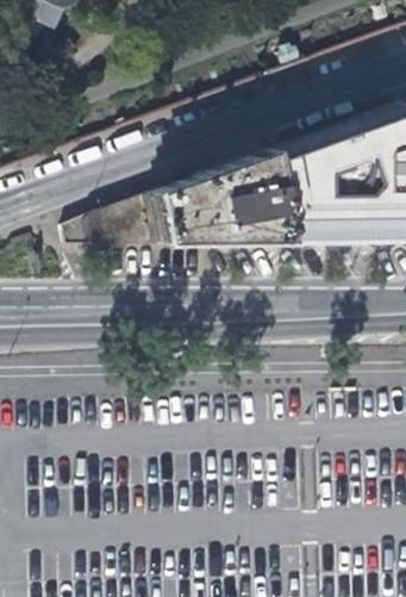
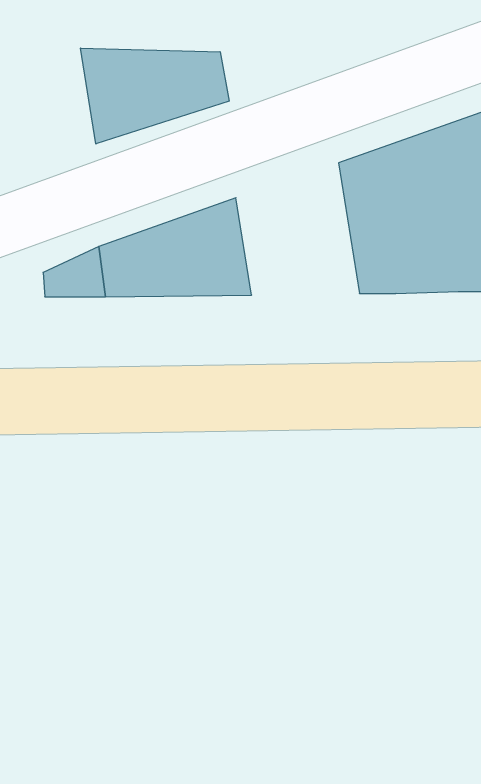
building: none -> [81,48,229,144]
building: [200,150,285,241] -> none

